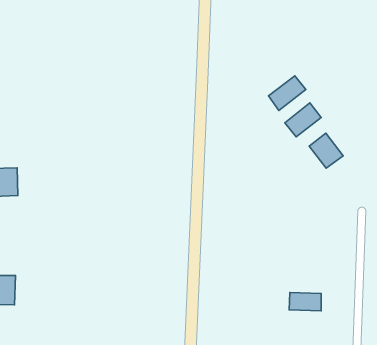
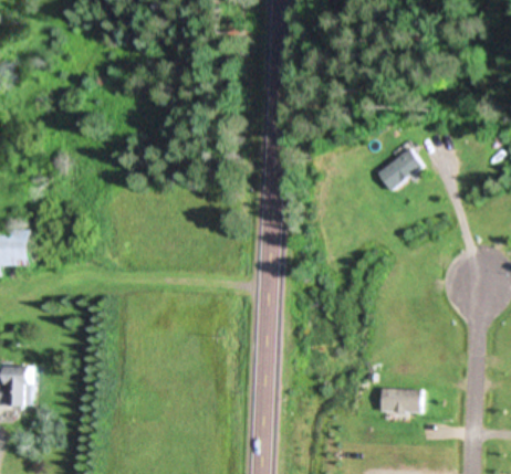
building: [268,76,306,110] -> none
building: [309,133,343,168] -> none

